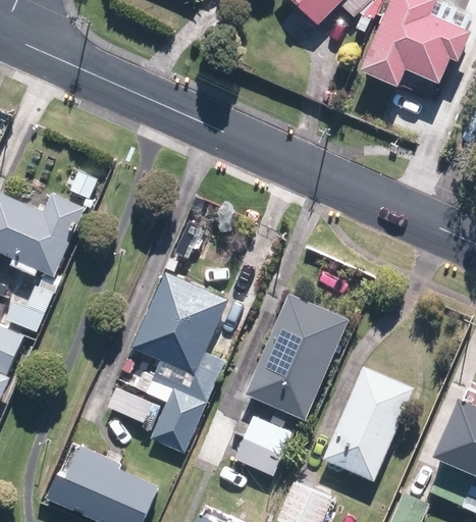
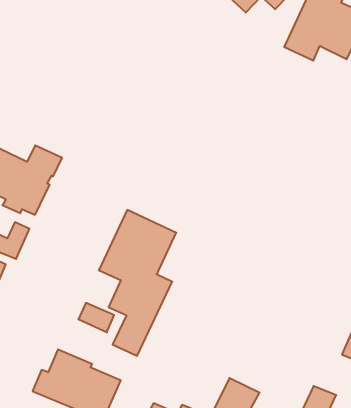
building: [245,292,349,420] -> none
building: [323,366,419,480] -> none
building: [232,418,289,476] -> none

